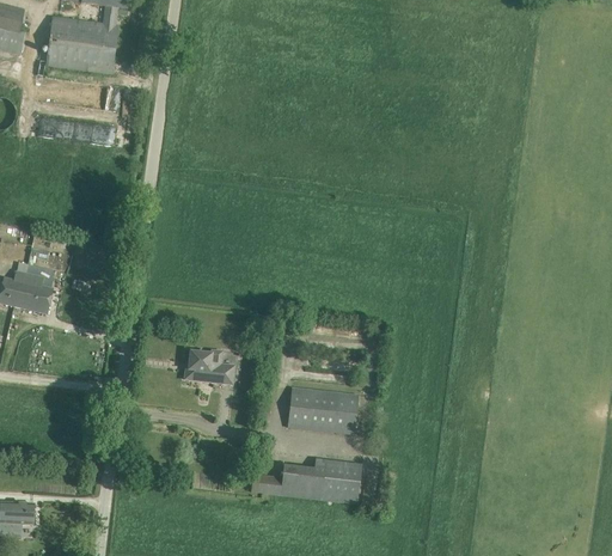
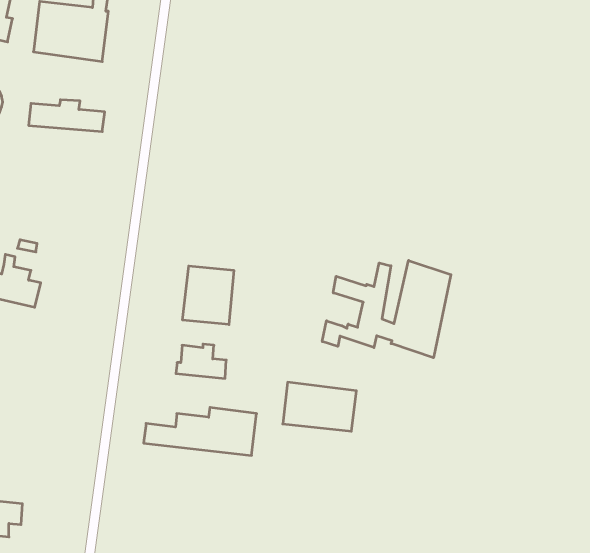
building: none -> [322,260,451,358]
building: none -> [183,266,234,325]
building: [251,458,361,505] -> [144,407,257,455]

